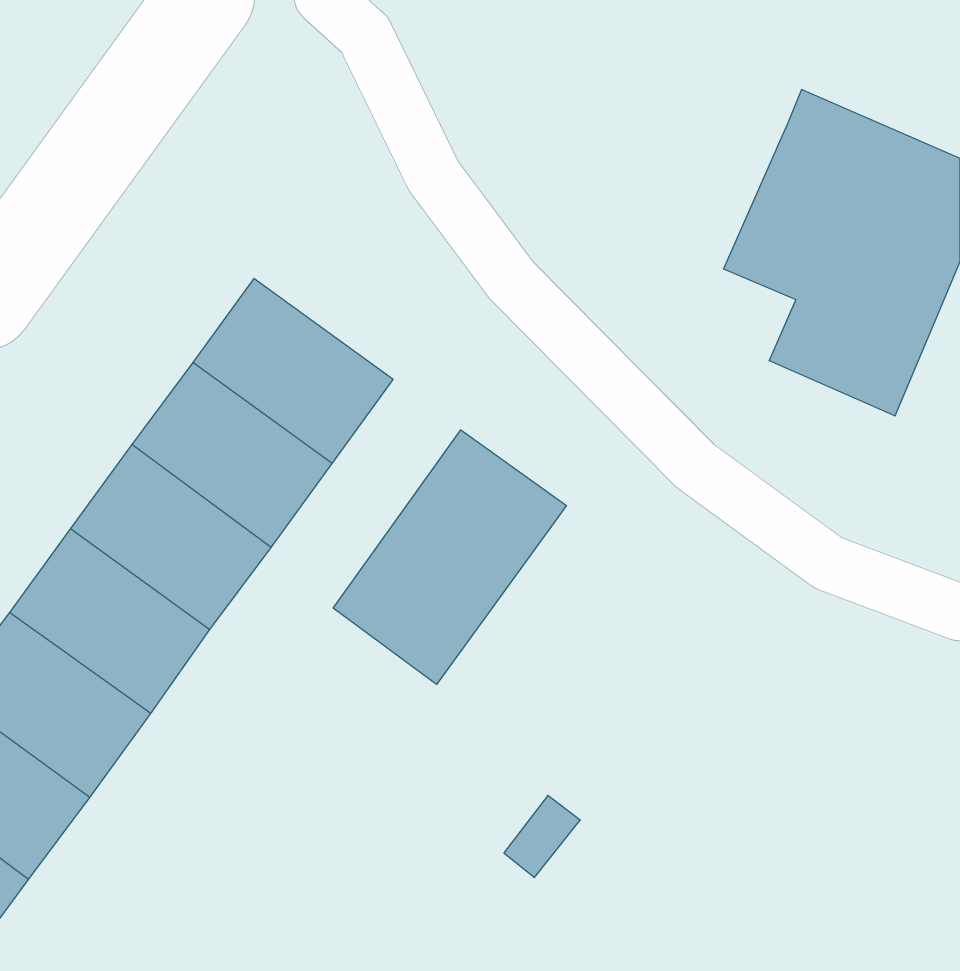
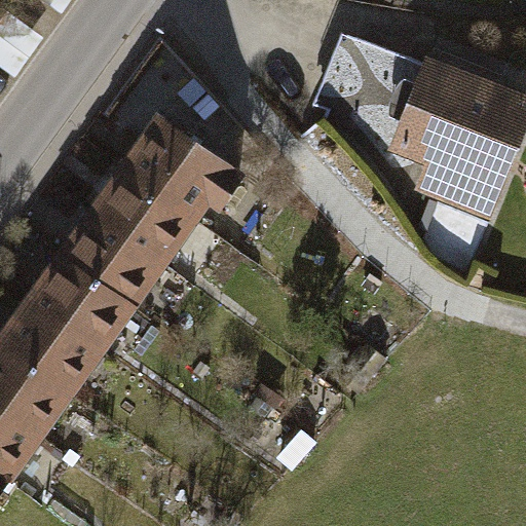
building: none -> [306,29,424,145]
building: none -> [137,105,245,204]
building: [333,430,566,684] -> none

